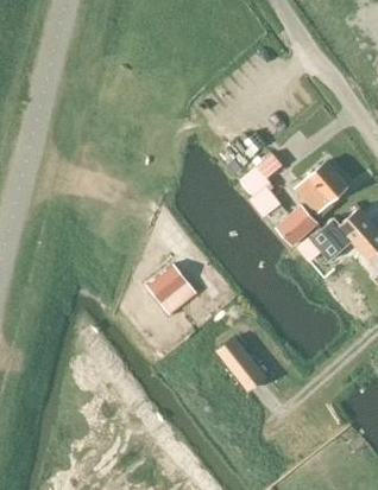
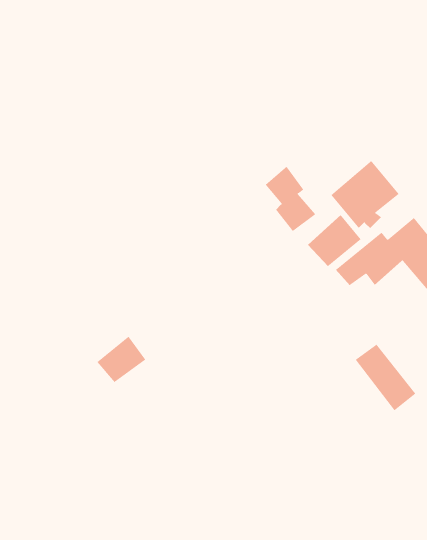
building: [145,265,185,303] -> [97,336,146,383]
building: [216,337,266,392] -> [355,344,416,411]

